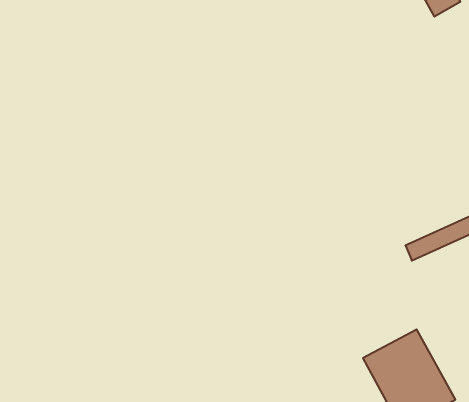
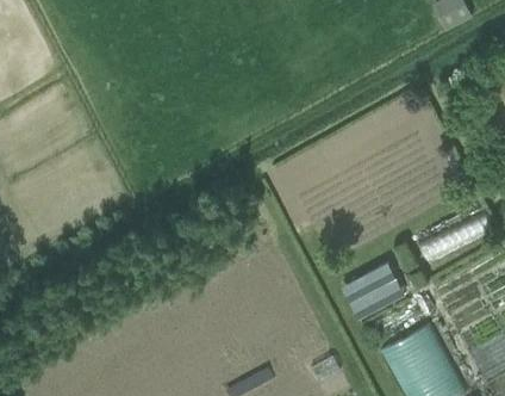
building: none -> [342,261,405,316]

